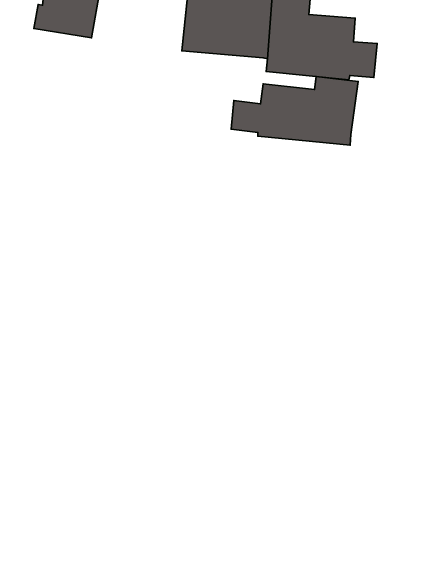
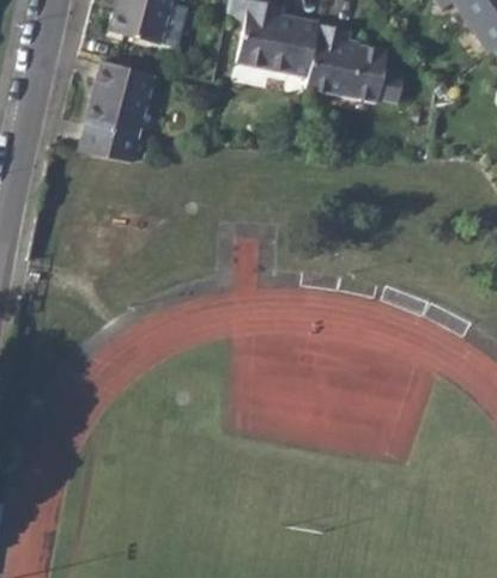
building: none -> [77,60,152,163]
building: [231,77,358,145] -> none

